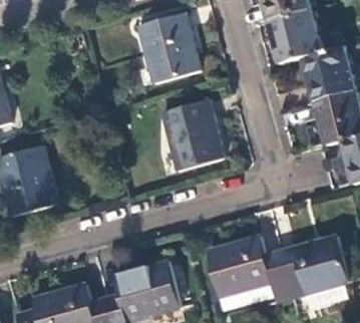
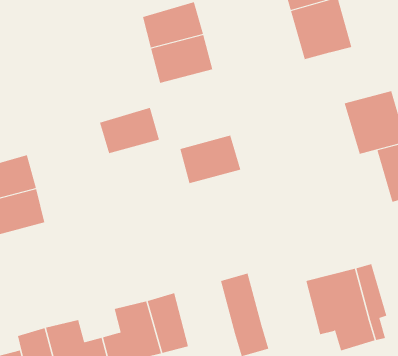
building: [300,44,353,98] -> none
building: [162,97,215,137] -> [99,107,160,154]
building: [230,236,291,309] -> none

